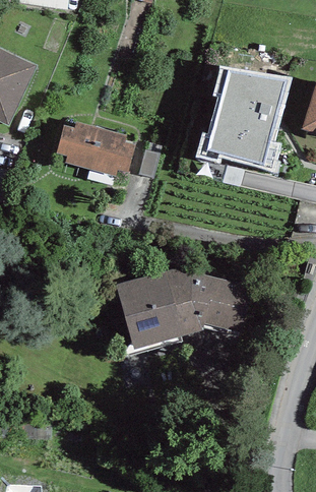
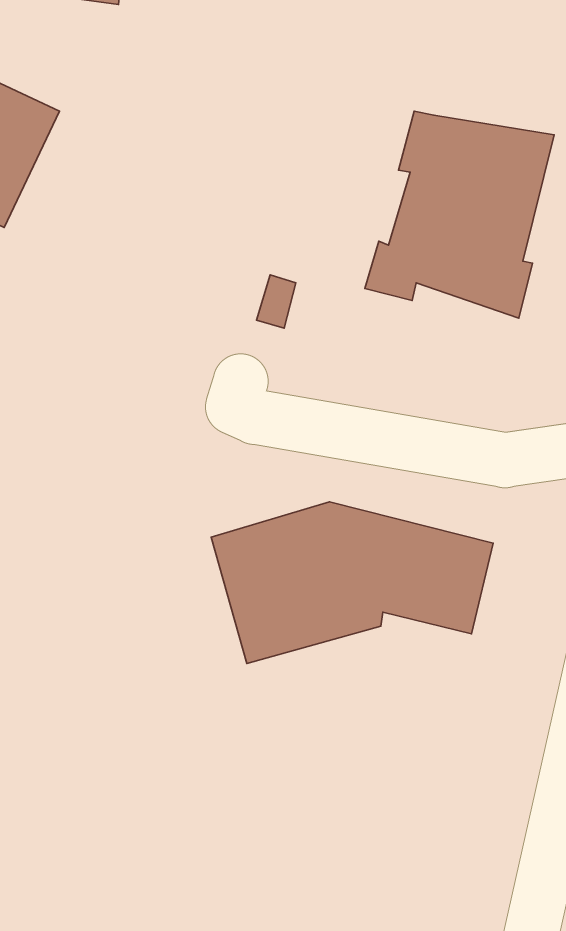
building: [56,121,134,176] -> none

